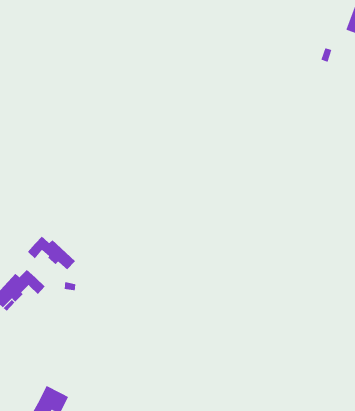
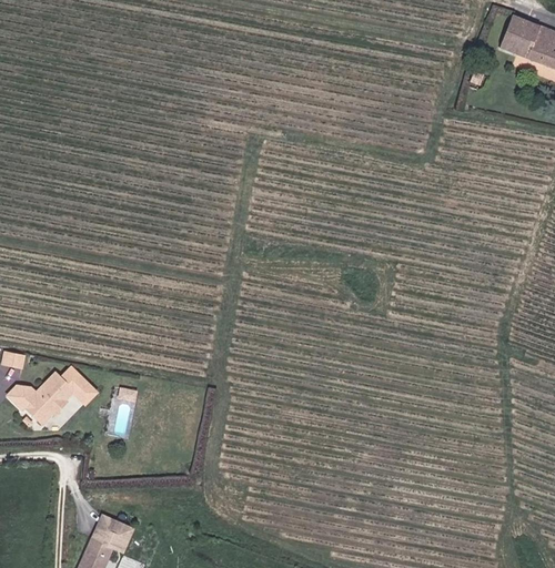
building: [27,236,76,270] -> none

